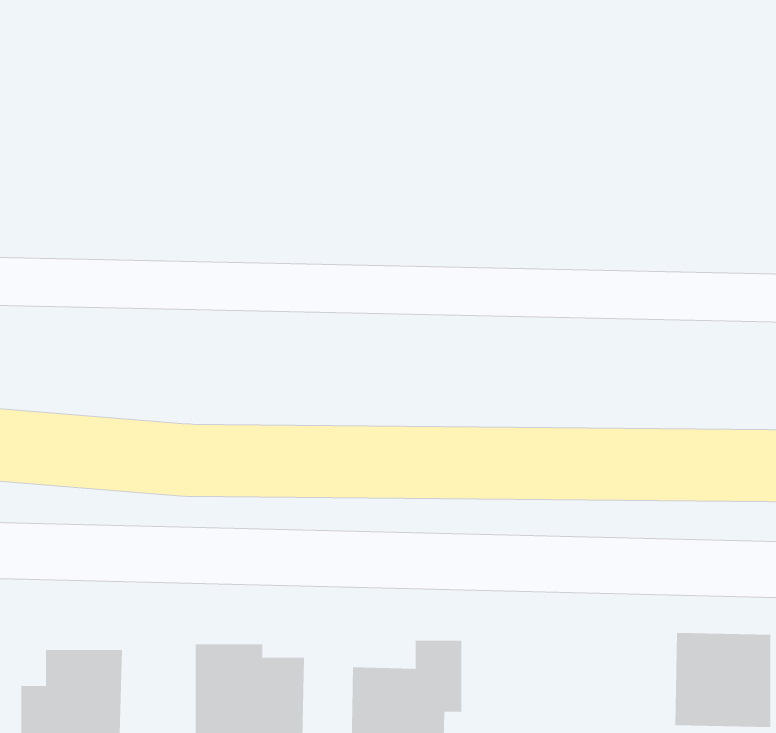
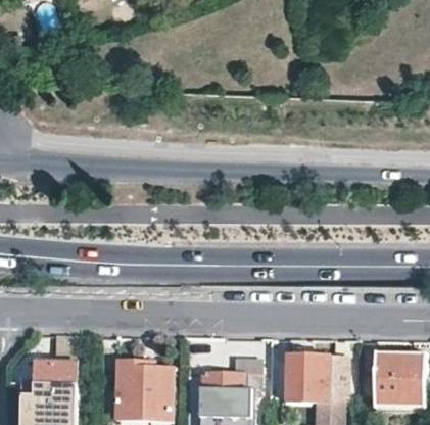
building: none -> [286,356,351,403]

